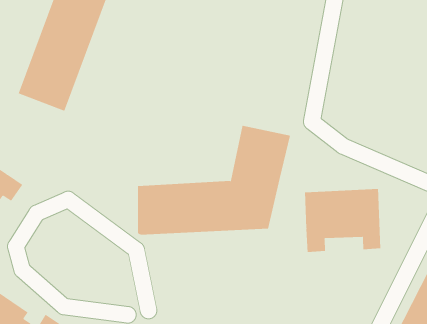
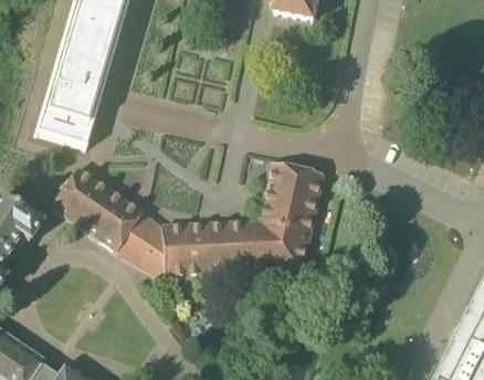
building: none -> [50,166,159,274]
building: [305,188,381,253] -> none

